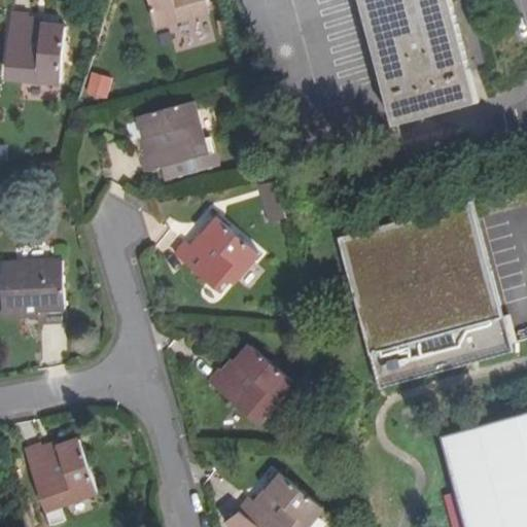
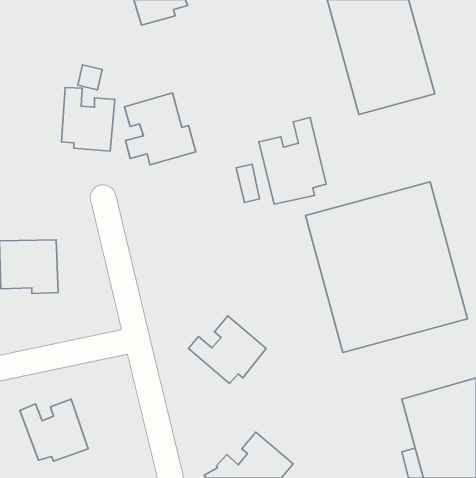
building: [5,13,64,83] -> [62,87,115,151]
building: none -> [259,118,326,204]
building: [174,219,258,292] -> none

